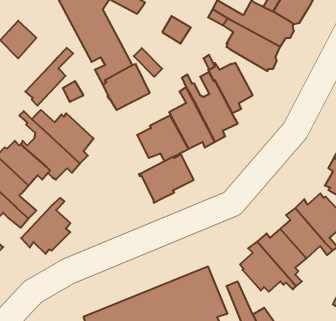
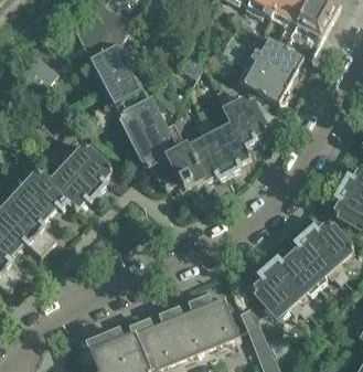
building: [25,48,73,106] -> none
building: [139,155,194,203] -> [132,120,185,167]
building: [21,198,70,254] -> none

